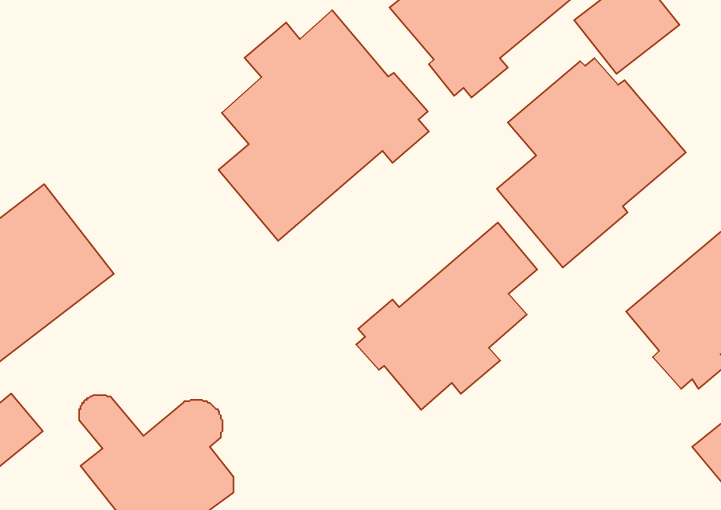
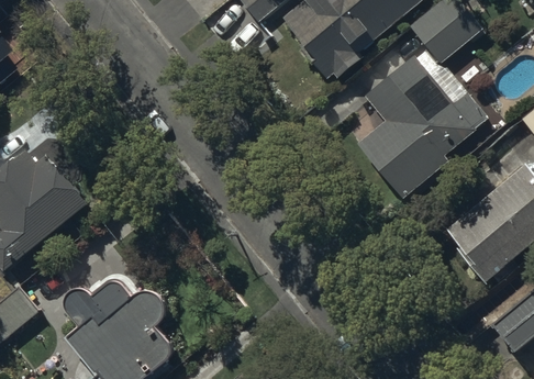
building: [219,10,429,241] -> none
building: [356,223,537,410] -> none

